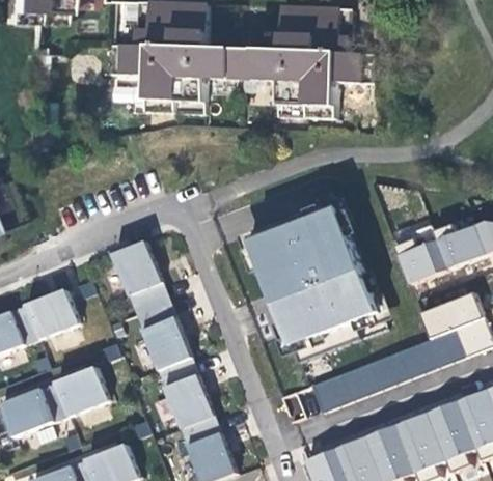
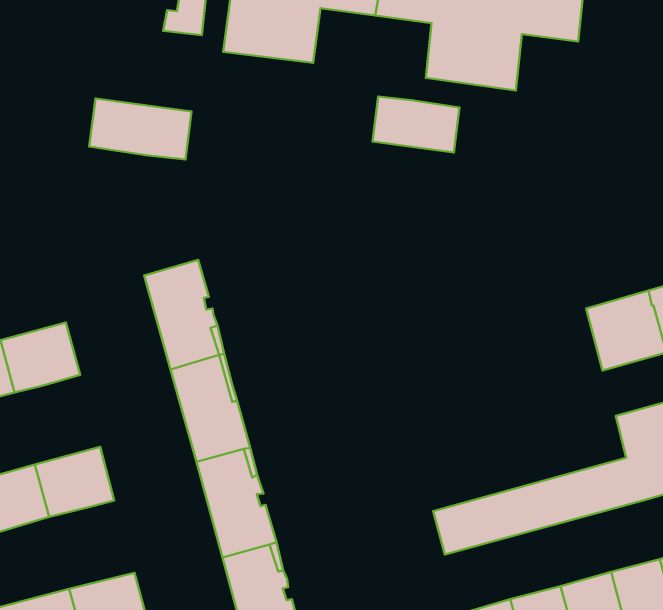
building: none -> [372,96,459,153]
building: none -> [89,99,192,160]
building: [248,197,386,363] -> none

